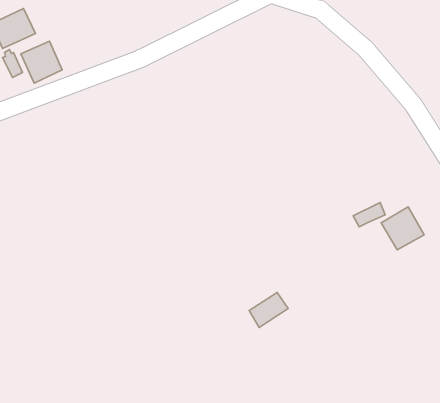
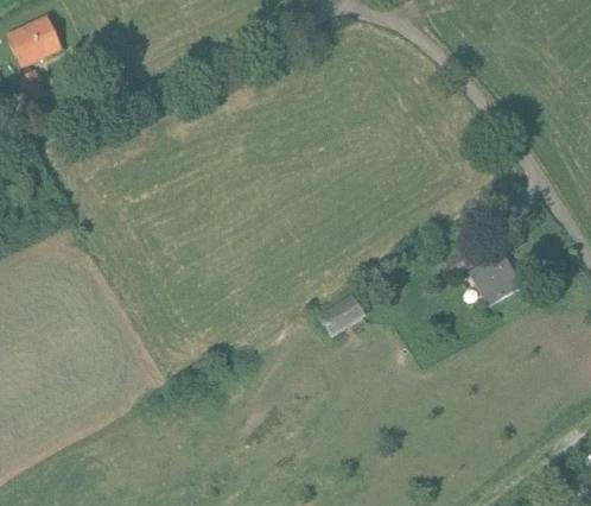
building: [21,41,62,83] -> none
building: [249,293,288,328] -> [318,293,364,335]

